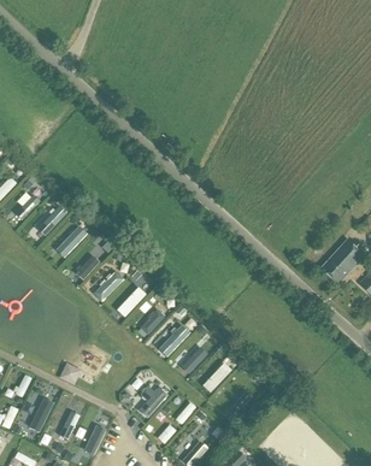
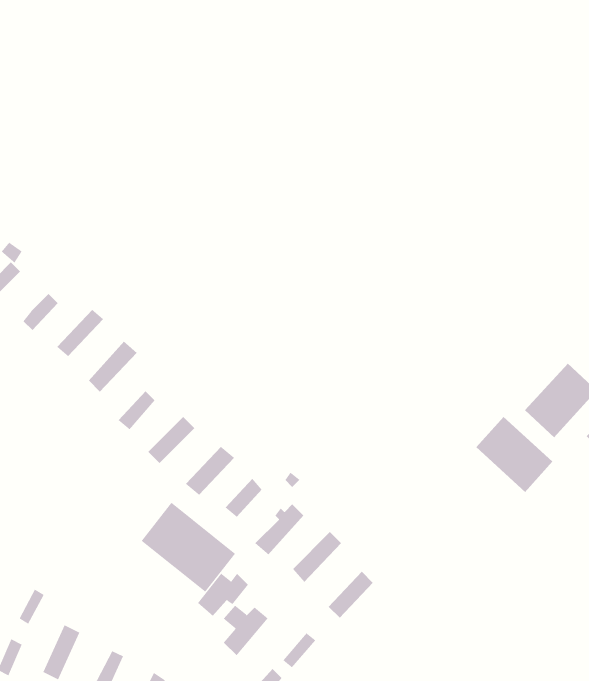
building: none -> [475,416,553,493]
building: none -> [141,502,236,593]

